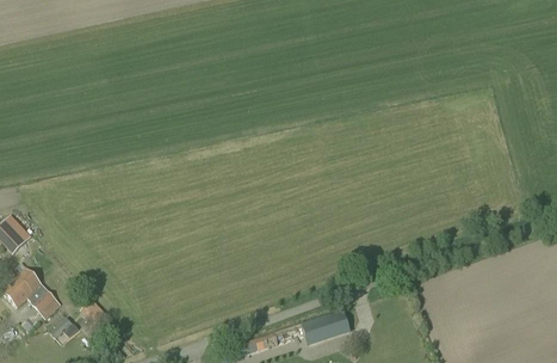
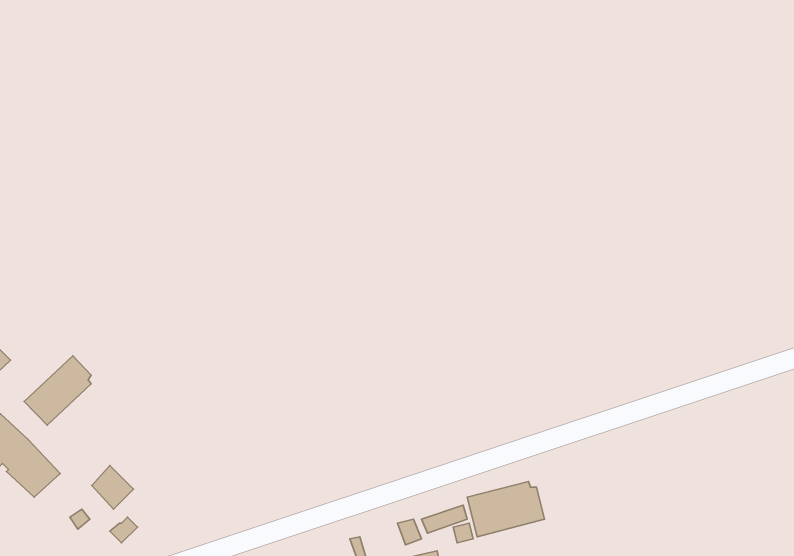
building: none -> [24,356,91,425]

